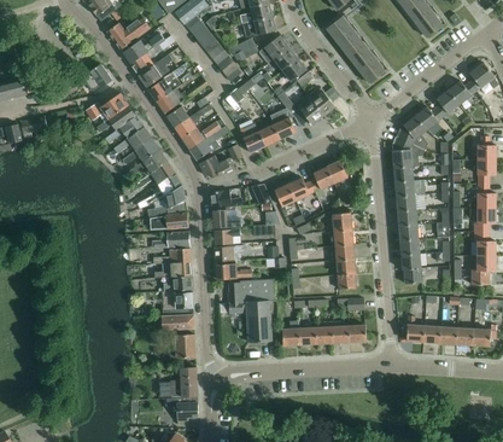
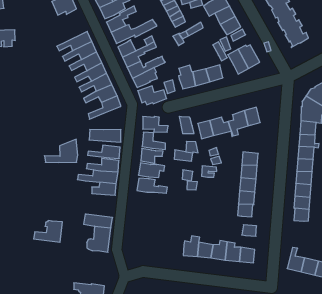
building: [86,93,129,122] -> none
building: [148,185,187,217] -> [44,139,78,162]
building: [229,279,275,342] -> none
building: [163,291,194,316] -> [34,221,62,242]
building: [170,366,198,396] -> none

